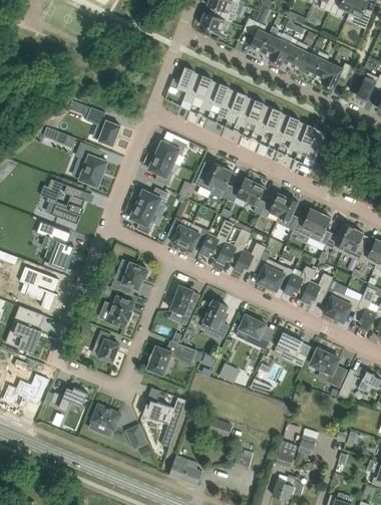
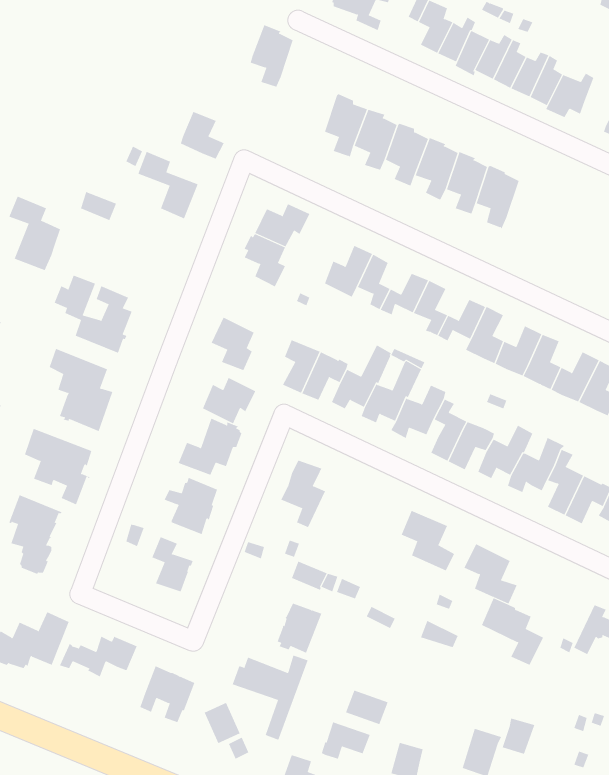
building: [176,66,202,103] -> [250,24,294,89]
building: none -> [180,111,225,159]
building: [300,123,325,161] -> none
building: [76,143,106,186] -> [9,196,61,271]
building: [136,185,167,212] -> [202,377,256,424]
building: [204,299,229,337] -> none
building: [146,345,172,374] -> [277,603,322,654]
building: [310,347,346,387] -> [481,597,544,665]
building: none -> [321,721,370,759]

